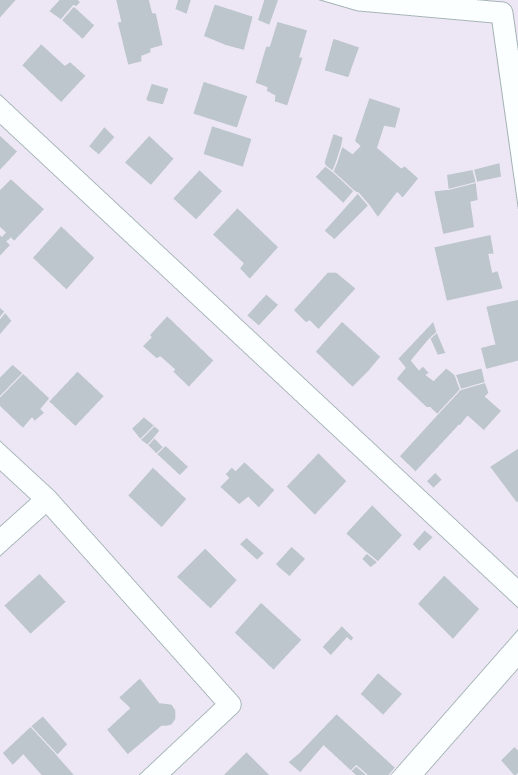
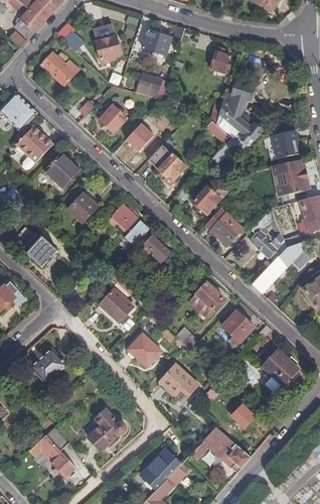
building: [255,21,308,106] -> none
building: [203,126,252,168] -> none
building: [49,371,104,427] -> [67,193,99,224]
building: [219,461,275,508] -> [139,237,170,263]

